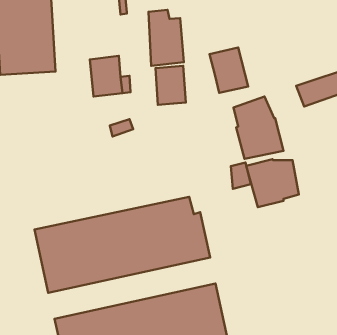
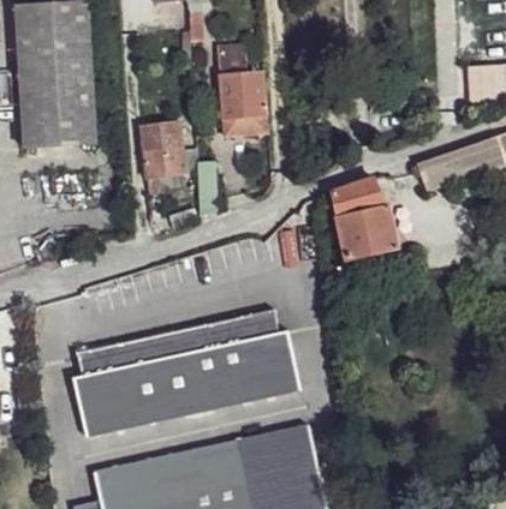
building: [209,48,248,93] -> none
building: [155,66,186,105] -> none
building: [246,159,299,207] -> none

